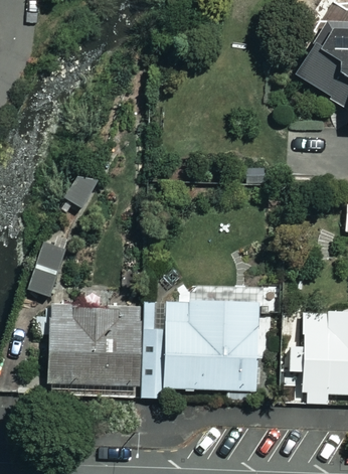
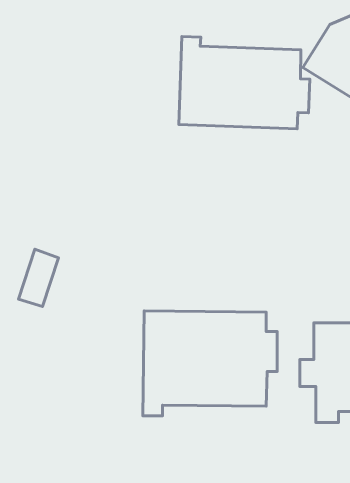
building: none -> [179,36,310,129]
building: [49,305,142,385] -> none

